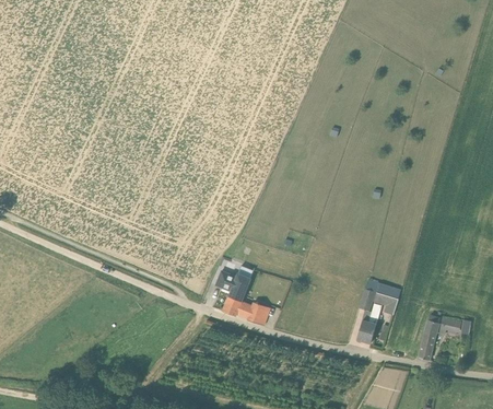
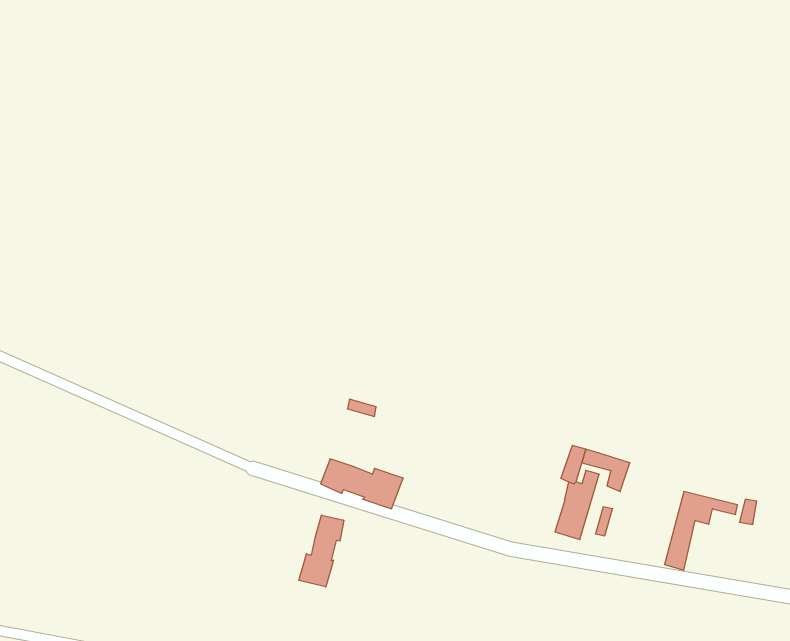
building: [215,269,251,301] -> none
building: none -> [299,515,344,587]

